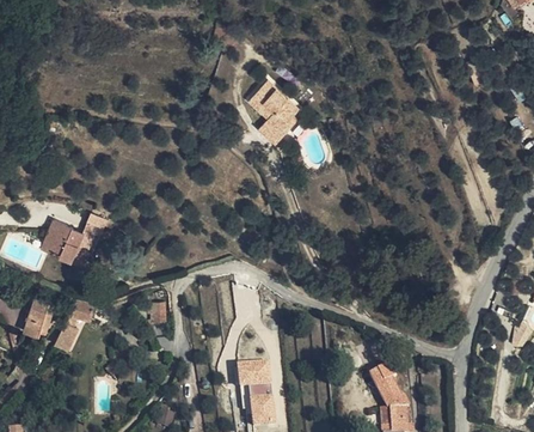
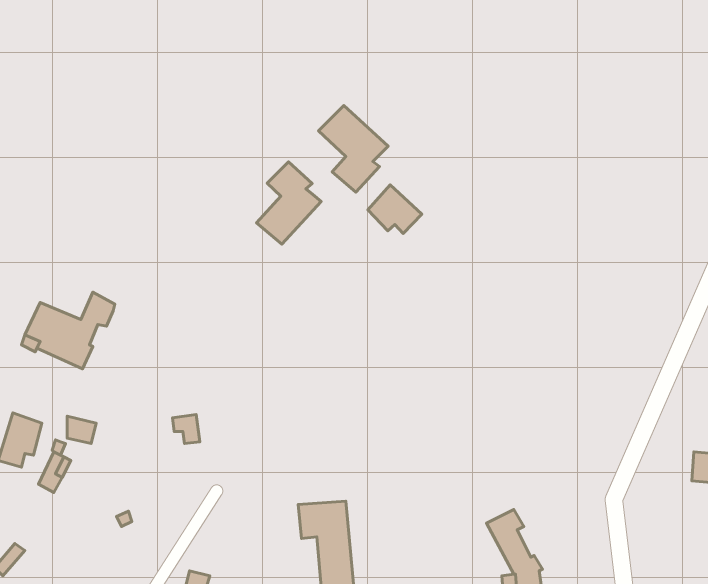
building: none -> [257,162,321,244]
building: none -> [368,185,422,234]

